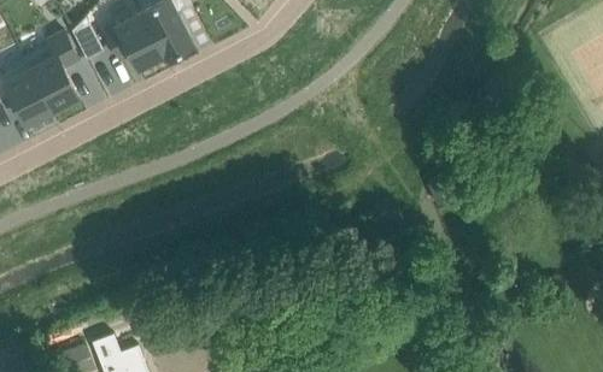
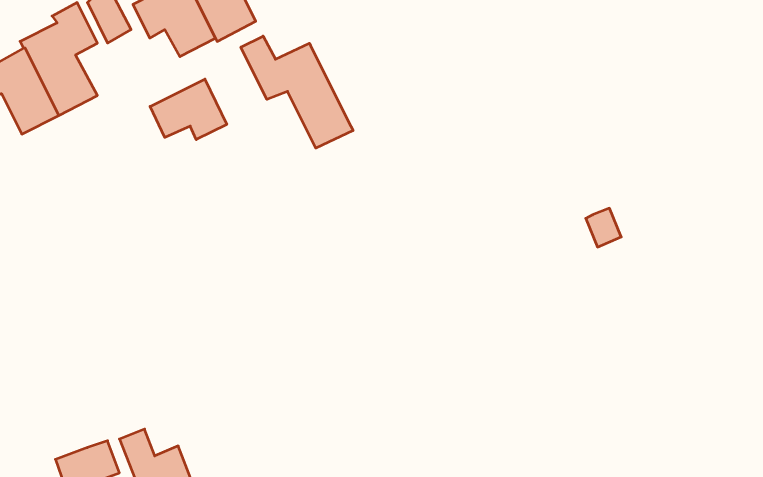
building: none -> [241,36,353,148]
building: none -> [150,79,227,140]

